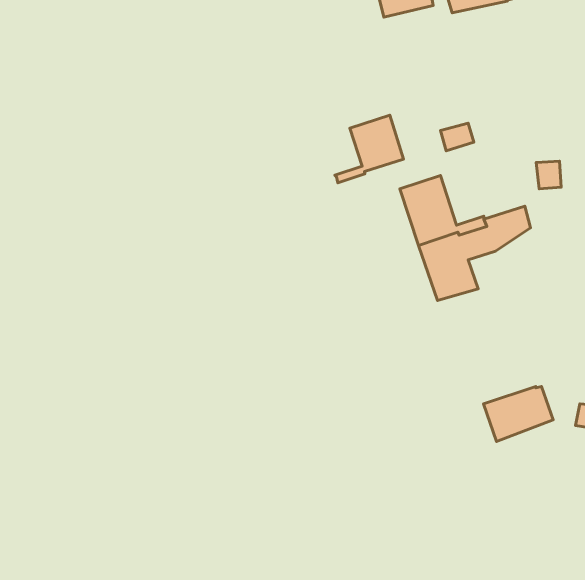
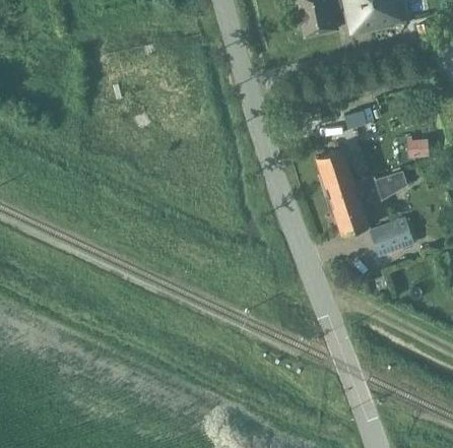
building: [335,115,403,183] -> none
building: [483,386,553,442] -> [368,219,416,258]

